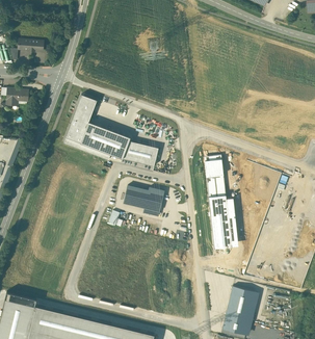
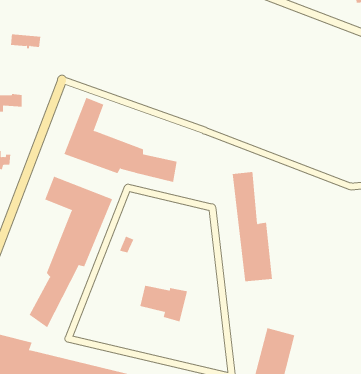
building: none -> [29,176,113,328]
building: [124,186,164,217] -> [139,285,188,322]

